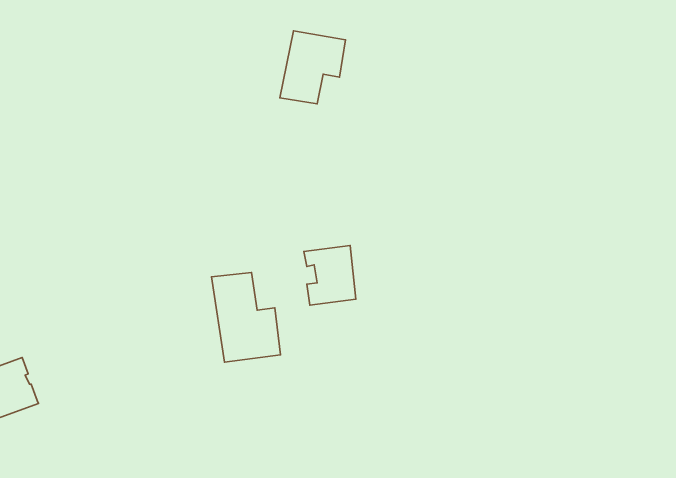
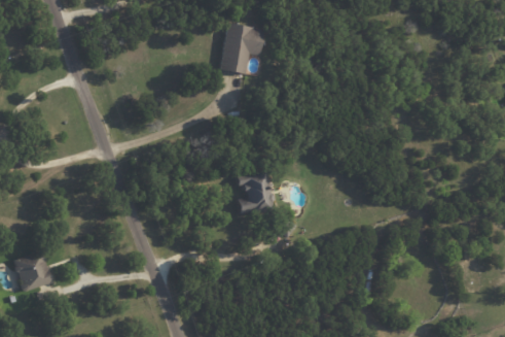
building: [212,272,280,362] -> none

